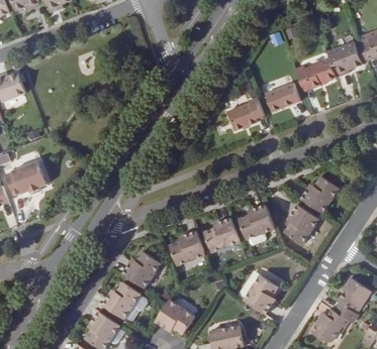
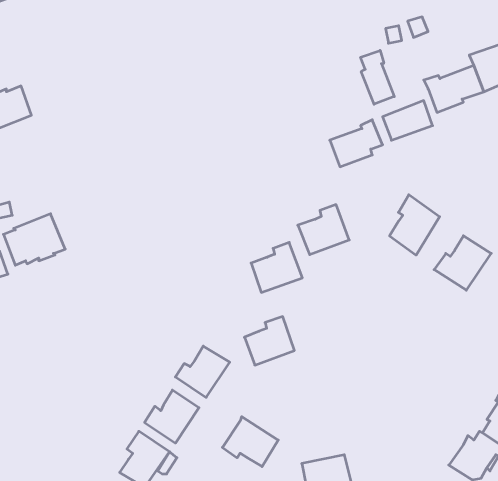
building: none -> [361,50,394,104]
building: [285,204,319,245] -> [390,195,440,255]
building: [240,205,275,239] -> [298,205,349,255]
building: [205,218,241,252] -> [251,242,302,292]
building: [245,275,279,314] -> none

